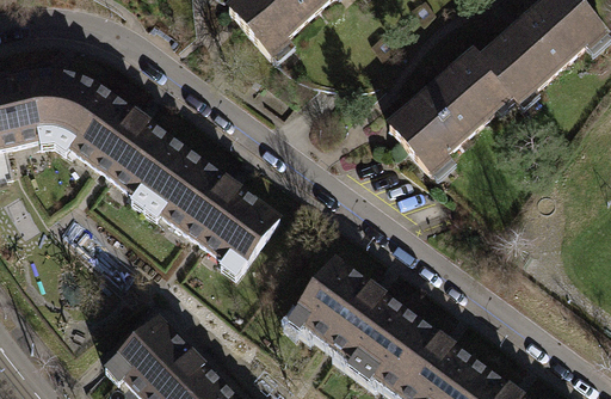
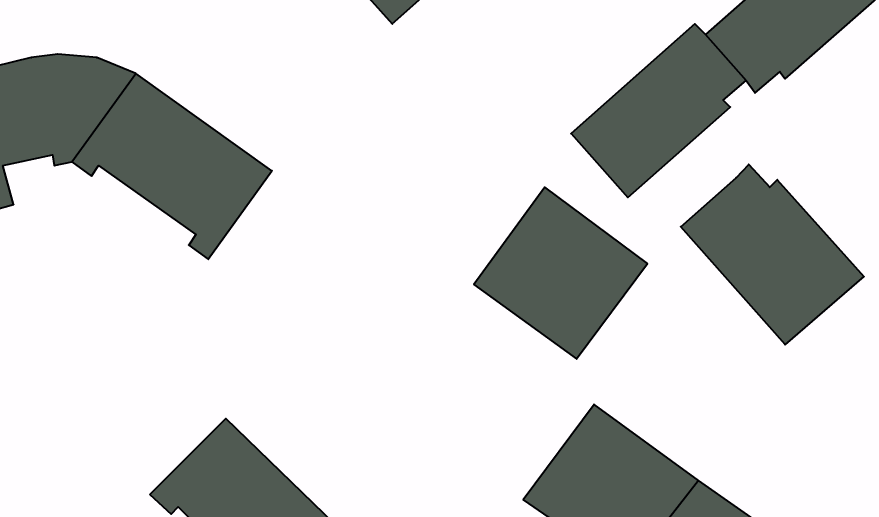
building: none -> [681,164,864,345]
building: [144,149,280,276] -> none
building: [288,256,405,372] -> [474,187,647,359]

